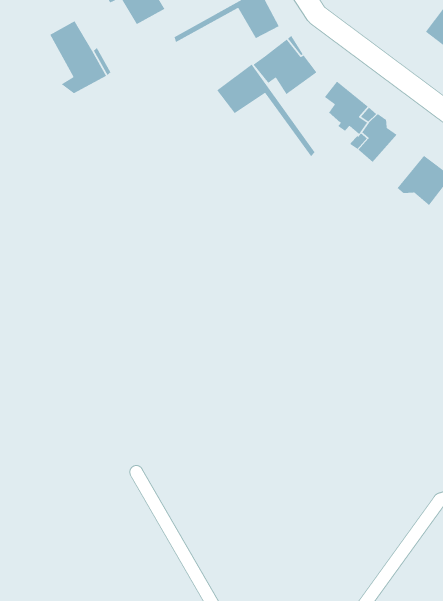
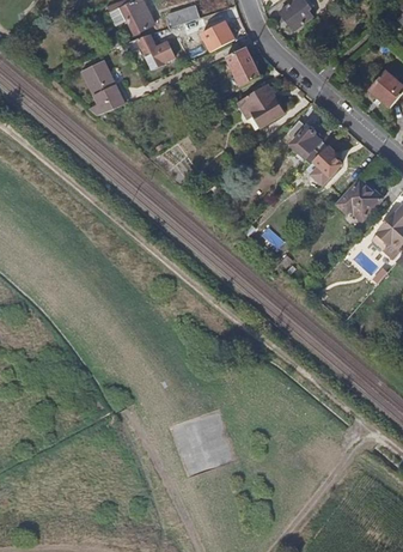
building: [216,63,315,157] -> none

